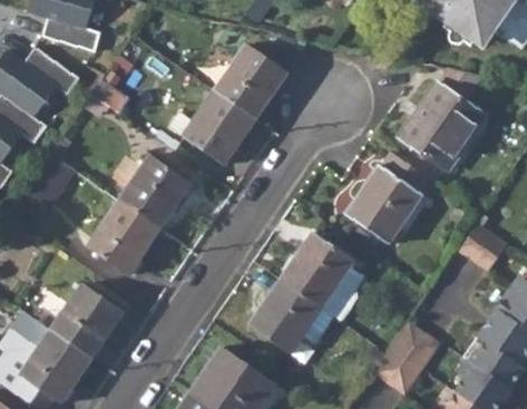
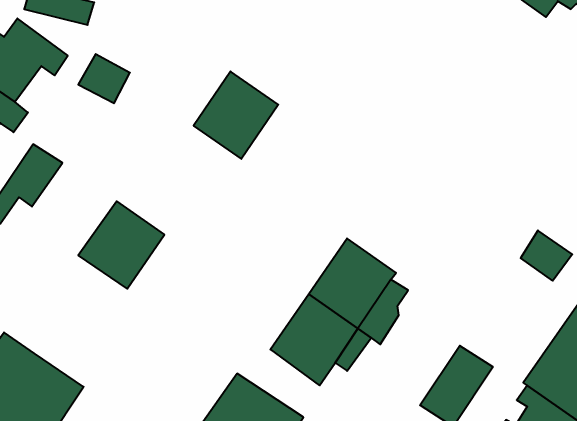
building: [216,49,285,119] -> none
building: [401,71,486,172] -> none
building: [120,155,193,228] -> none
building: [348,155,435,247] -> none
building: [51,283,124,357] -> none

